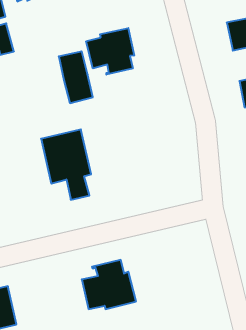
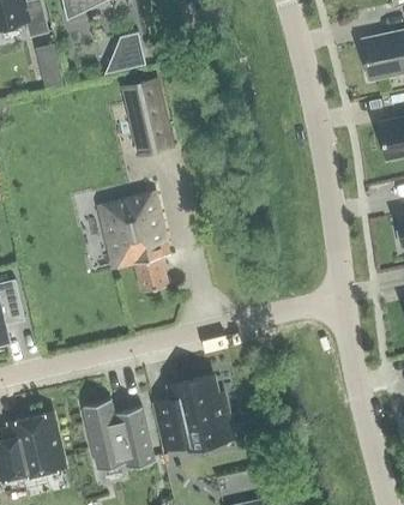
building: none -> [114,34,146,72]
building: [86,28,134,75] -> none
building: none -> [83,401,155,469]

